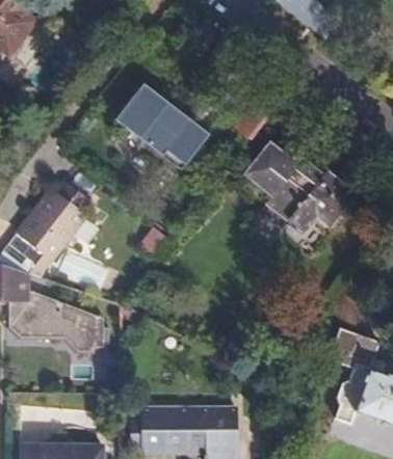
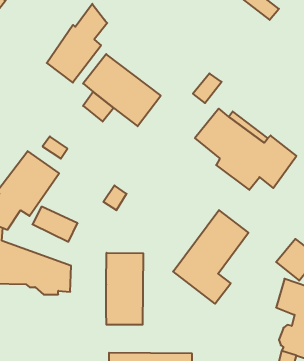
building: none -> [47,4,107,83]
building: none -> [173,210,248,304]
building: none -> [106,253,143,325]

